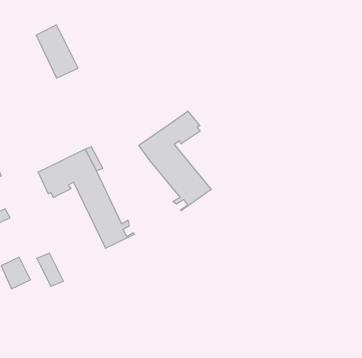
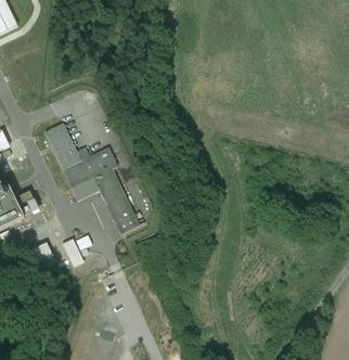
building: [36,25,78,78] -> [44,124,80,169]
building: [139,111,211,211] -> none

